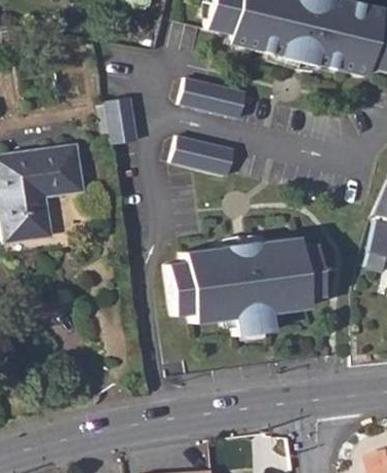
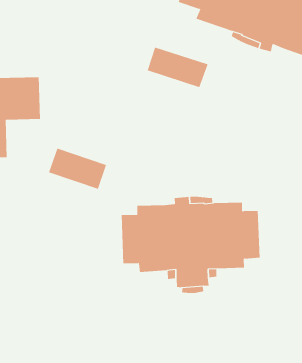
building: [102,94,133,141] -> none
building: [179,142,239,181] -> [48,148,107,189]

